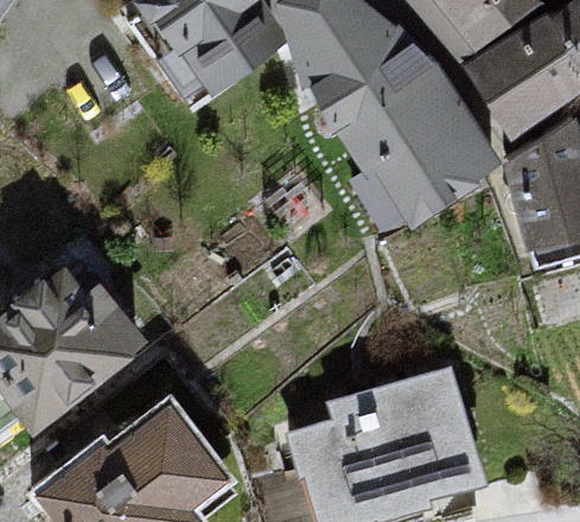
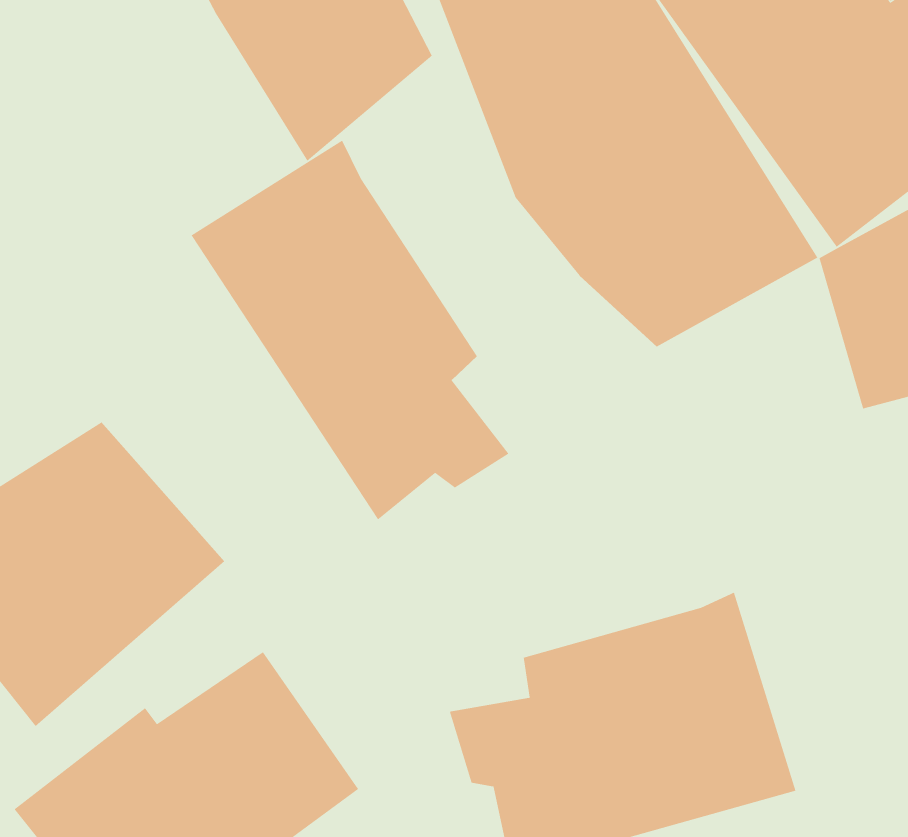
building: none -> [190,140,509,520]

